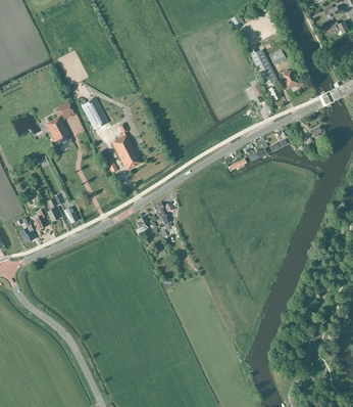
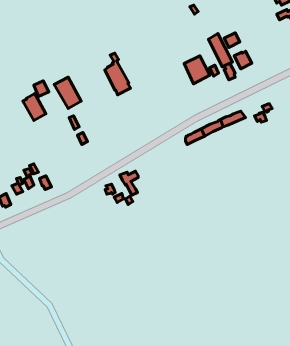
building: none -> [184,56,210,84]
building: [112,124,141,170] -> [105,53,131,95]

